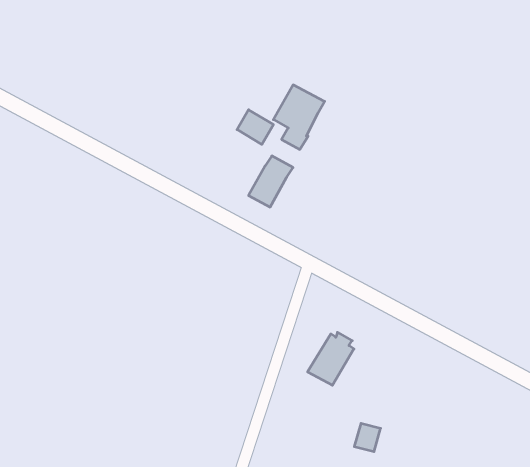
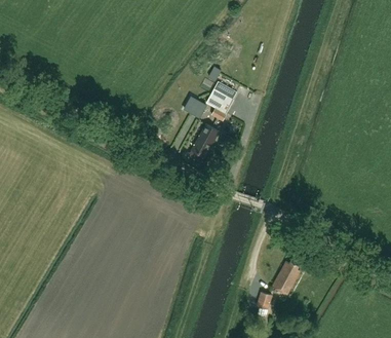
building: [308,332,354,385] -> [271,262,300,295]

